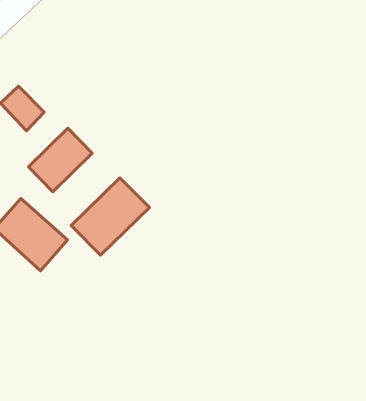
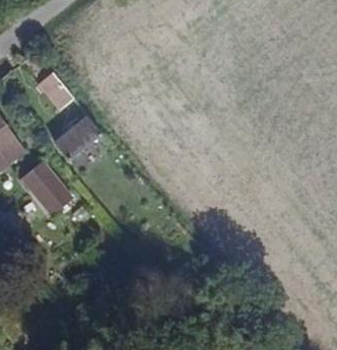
building: [71,178,149,255] -> none

